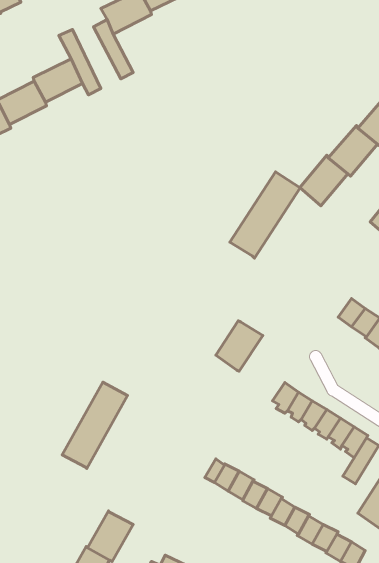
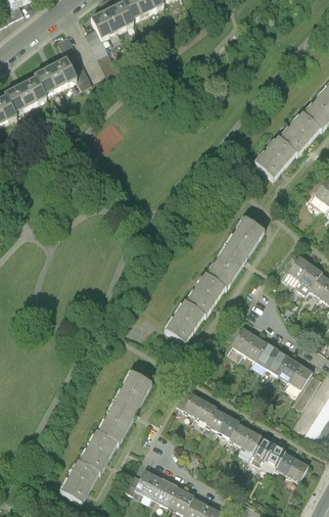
building: [230,172,300,258] -> [205,218,264,289]
building: none -> [163,302,202,344]
building: [62,382,128,469] -> [97,373,151,444]

